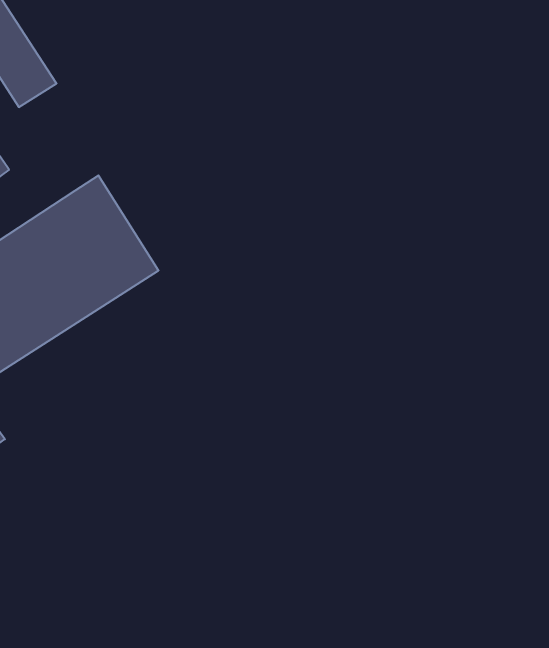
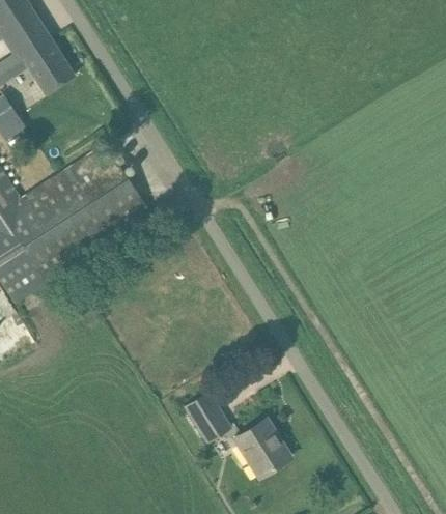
building: none -> [186,393,228,441]
building: none -> [234,419,290,478]

